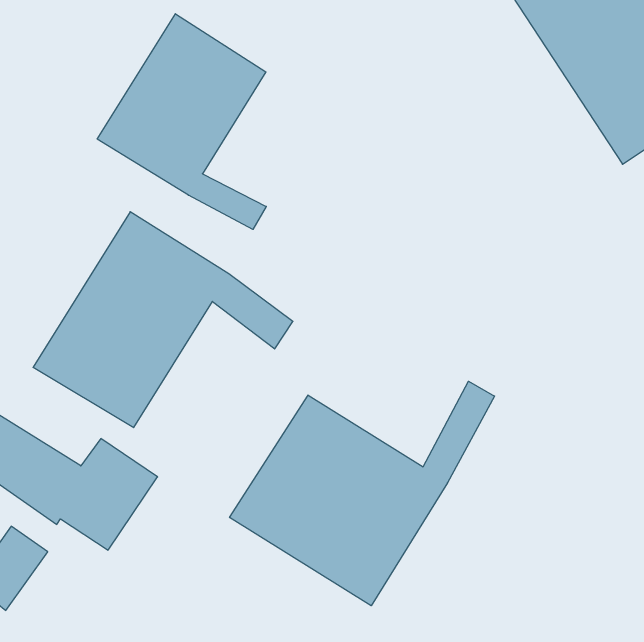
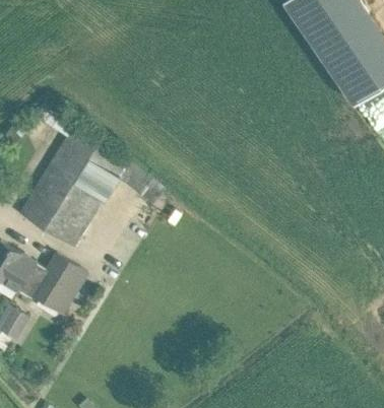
building: [97,14,266,229] -> none
building: [230,381,495,606] -> none

